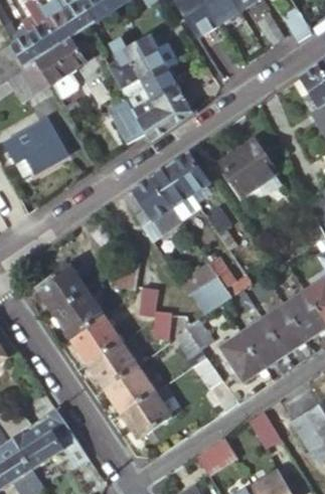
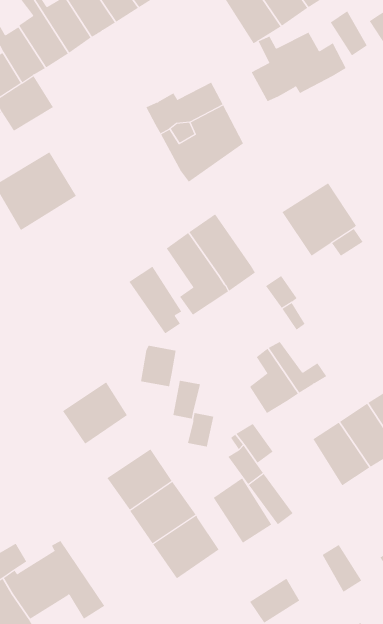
building: [34,29,87,85] -> none
building: [106,32,177,85] -> [251,32,347,102]
building: [107,98,144,143] -> none
building: [170,152,210,203] -> [129,266,182,334]
building: [38,265,89,312] -> none
building: [72,315,122,362] -> none
building: [220,333,265,382] -> [213,478,272,543]

